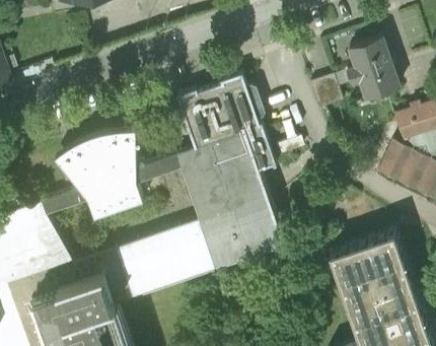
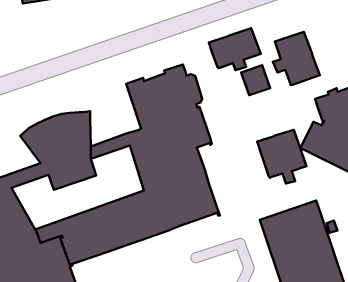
building: none -> [209,28,261,70]
building: none -> [257,130,306,183]

